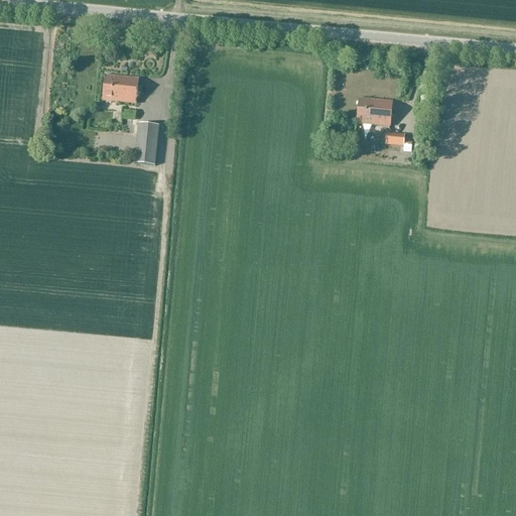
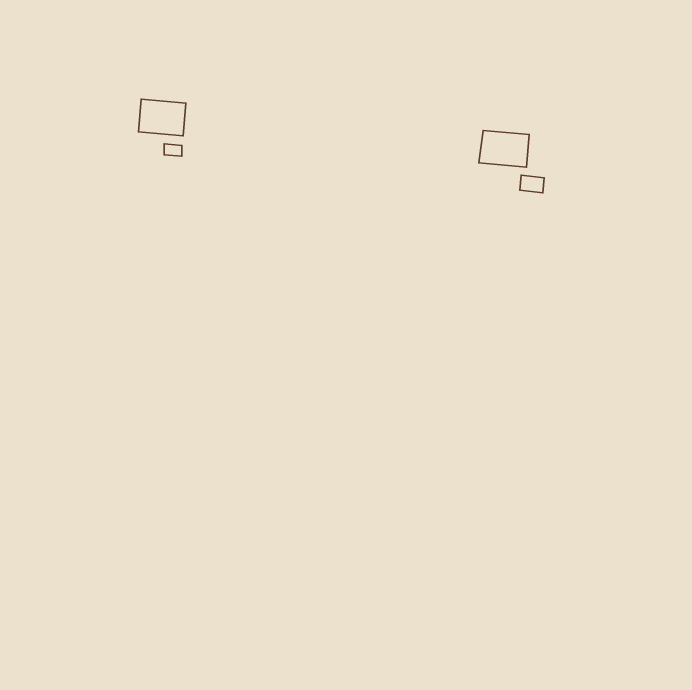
building: [133,121,159,164] -> none

